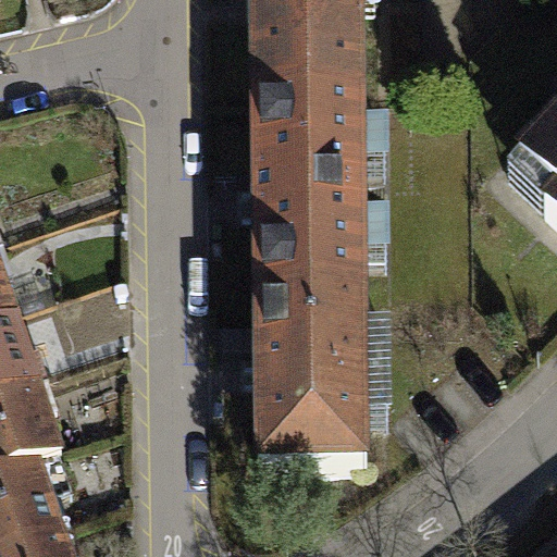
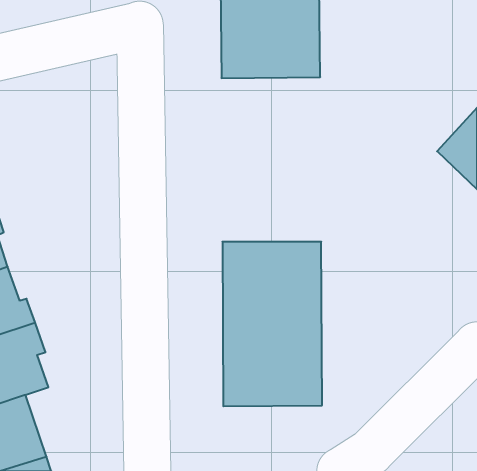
building: [253,88,368,276] -> none

